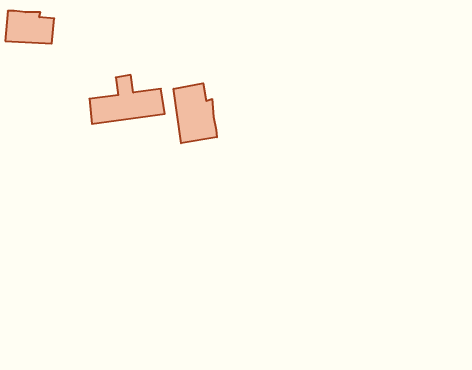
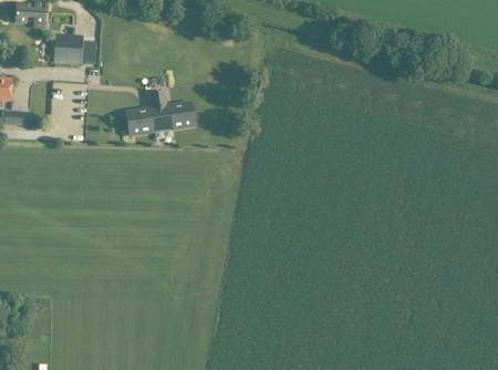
building: [174,83,217,143] -> none

